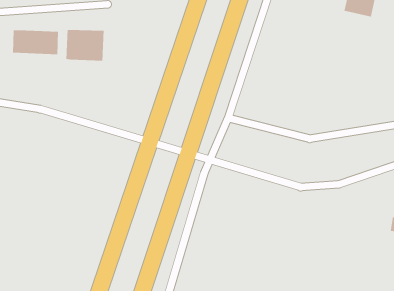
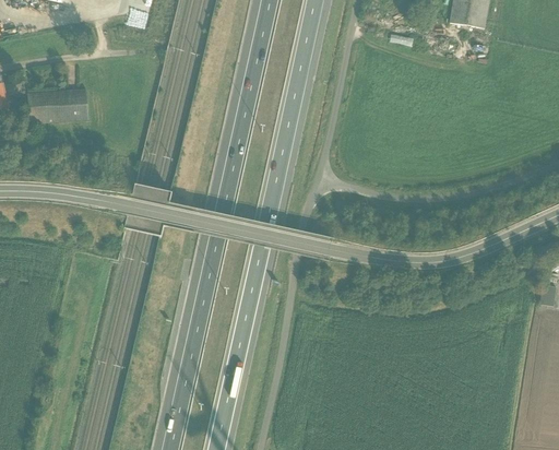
building: [65,29,105,62] -> none

